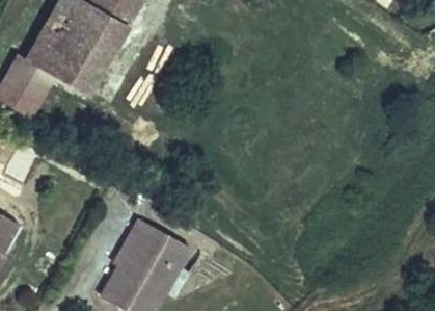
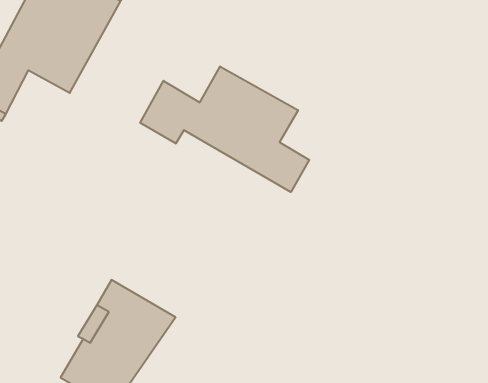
building: none -> [140,66,309,192]

